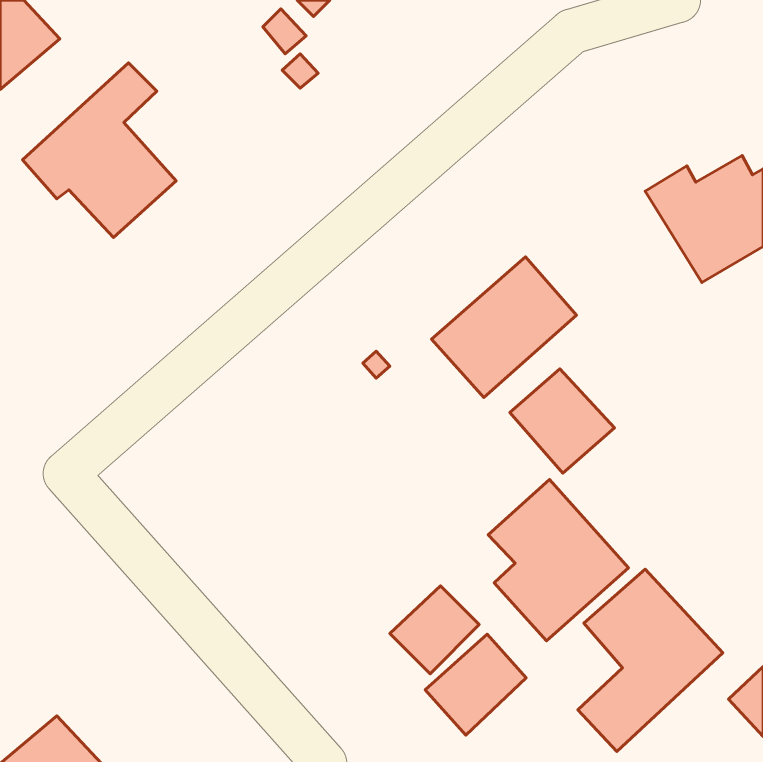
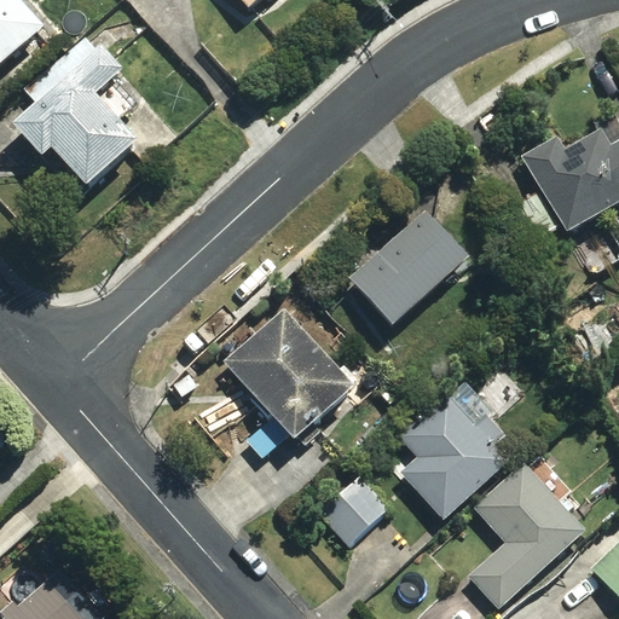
building: [510,369,615,473] -> none
building: none -> [224,308,353,436]
building: [425,634,526,735] -> none

